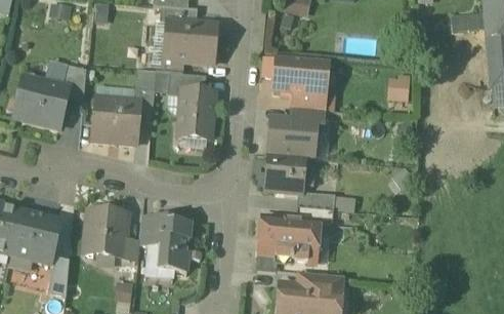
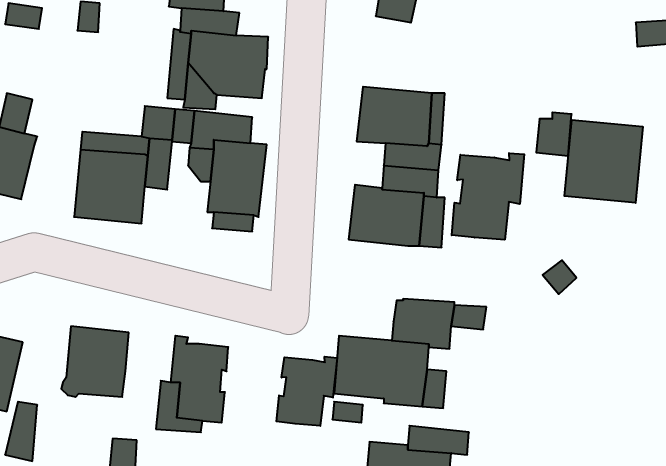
building: [60,65,86,99] -> none
building: none -> [564,120,643,203]
building: none -> [452,153,524,240]
building: [264,154,305,193] -> none
building: [123,214,157,262] -> none
building: none -> [276,357,337,426]

